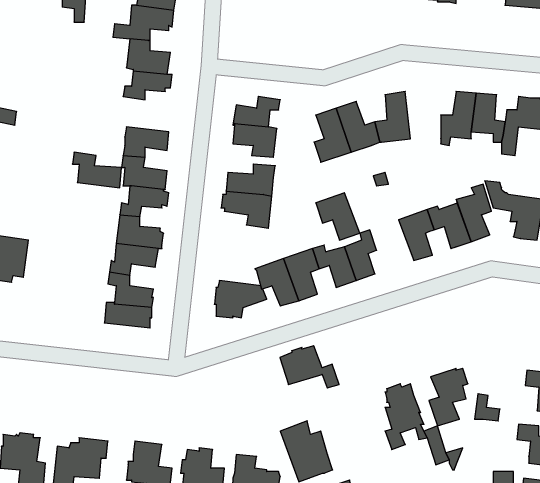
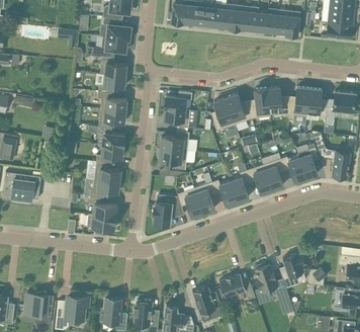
building: none -> [267,88,288,117]
building: [72,152,121,188] -> [97,91,126,112]
building: [316,193,360,240] -> [246,165,272,193]
building: [280,346,339,388] -> [219,274,255,300]

